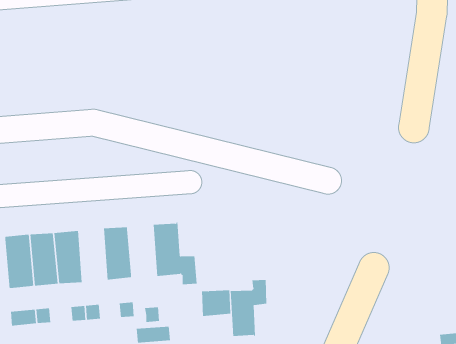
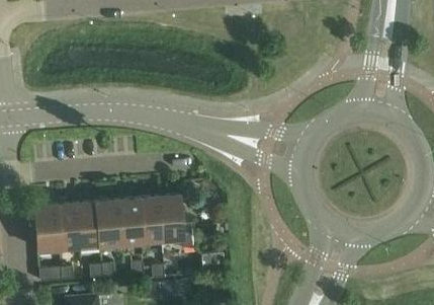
building: none -> [138,197,162,242]
building: none -> [97,200,120,245]
building: [230,279,267,337] -> none

